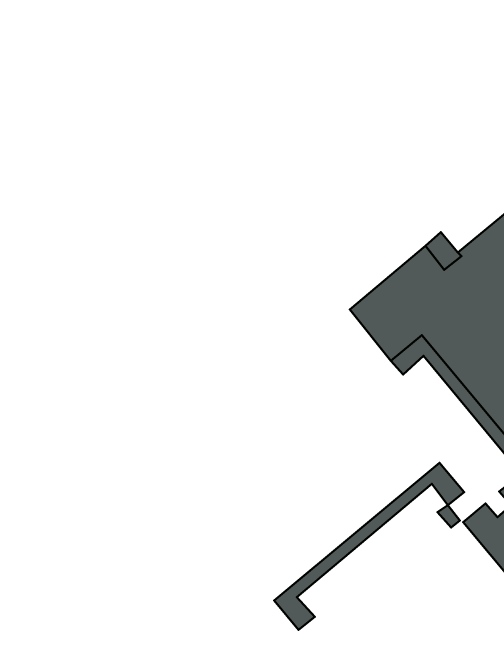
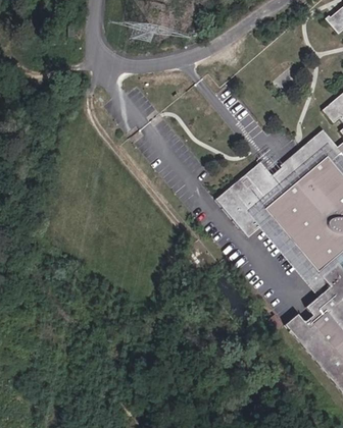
building: [274,463,464,630] -> none

